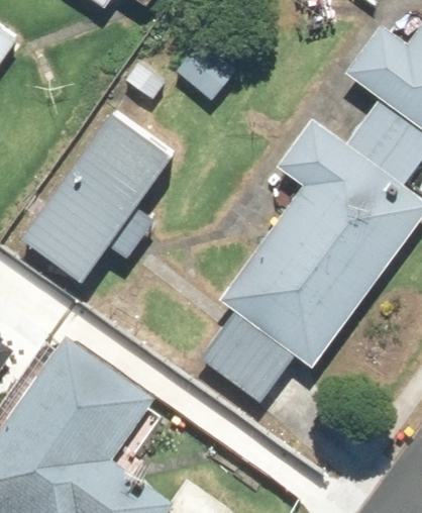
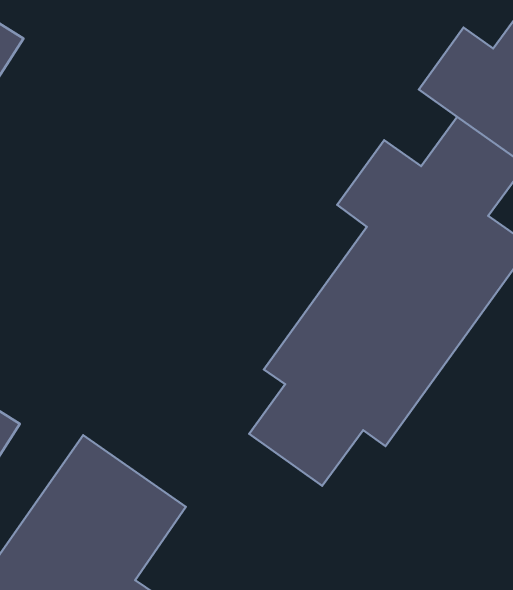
building: [26,113,170,275] -> none

